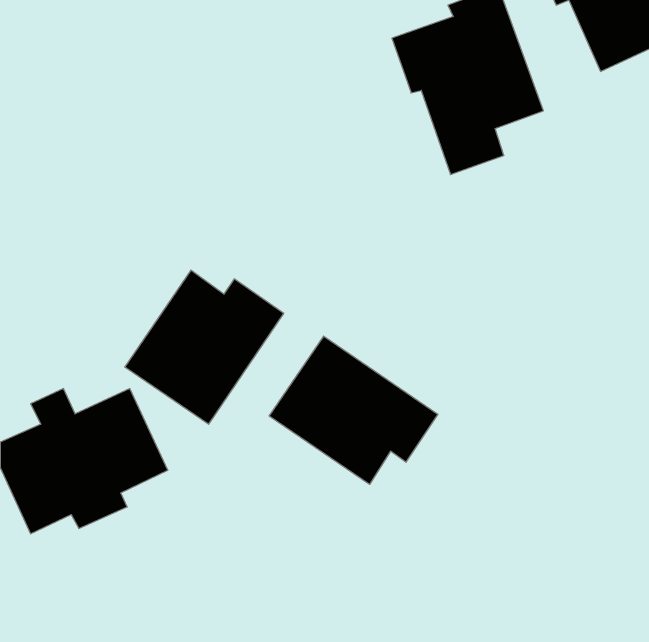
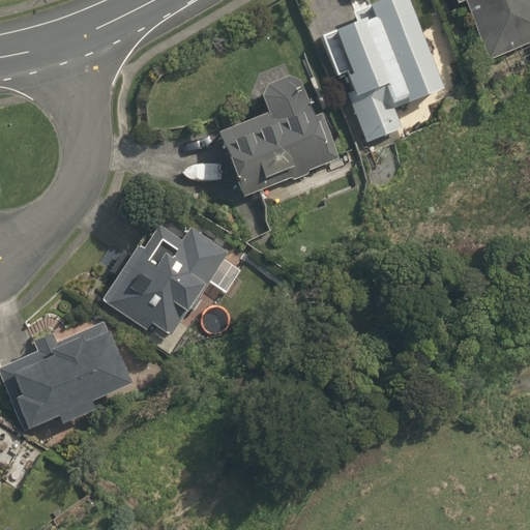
building: none -> [216,70,335,198]
building: [269,336,438,484] -> none

